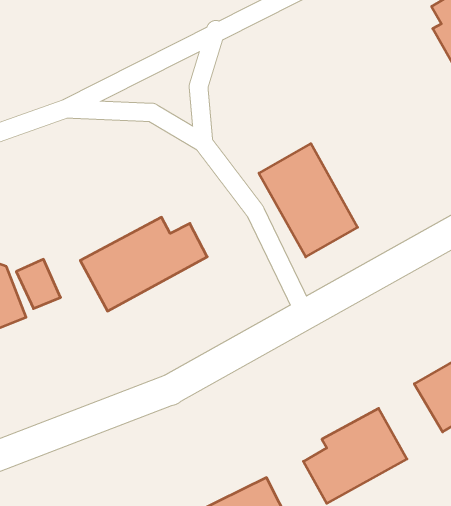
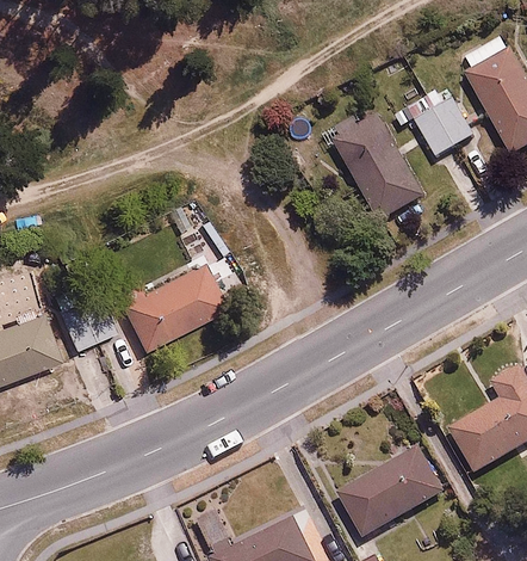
building: none -> [404,82,476,156]
building: [259,144,358,257] -> [328,112,423,222]

